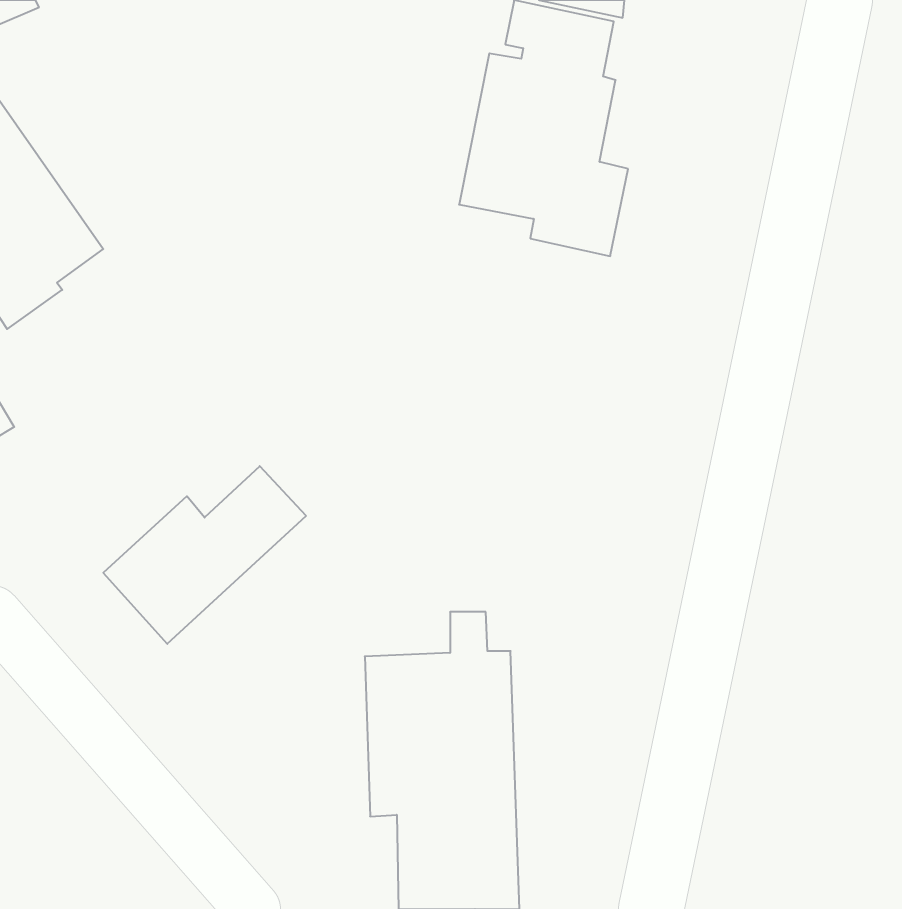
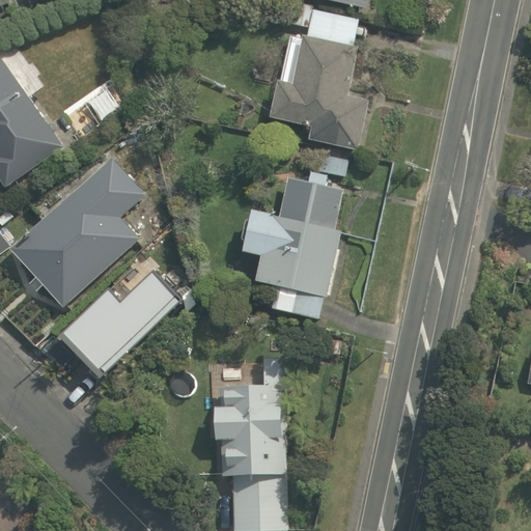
building: none -> [9,161,144,306]
building: none -> [240,178,341,316]

